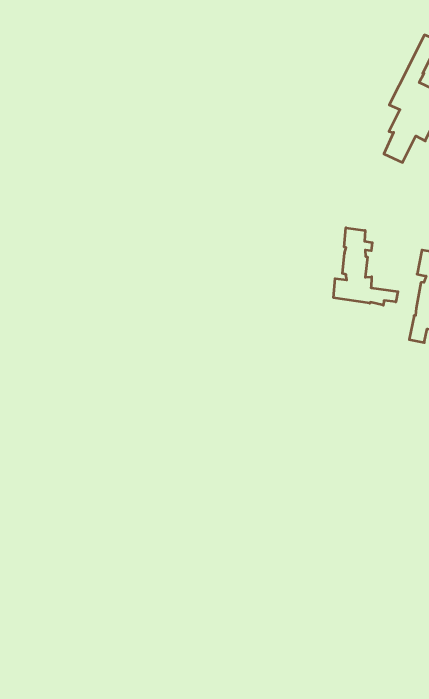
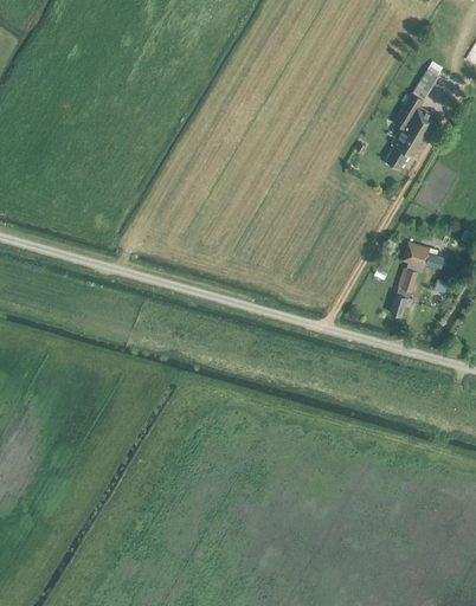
building: [334,228,398,305] -> none

